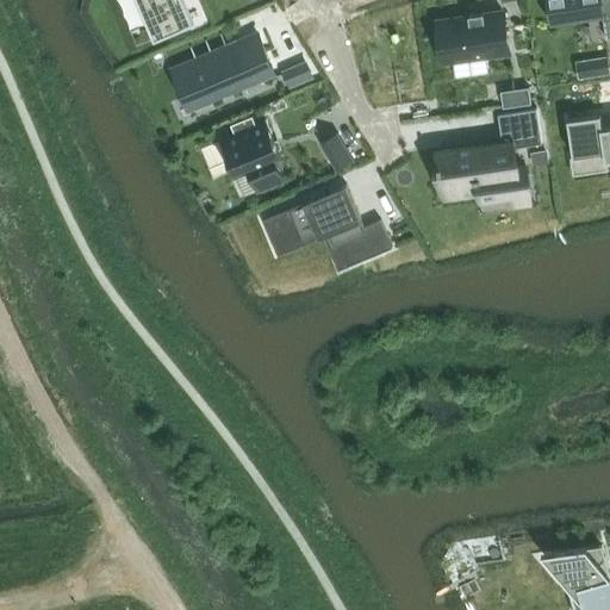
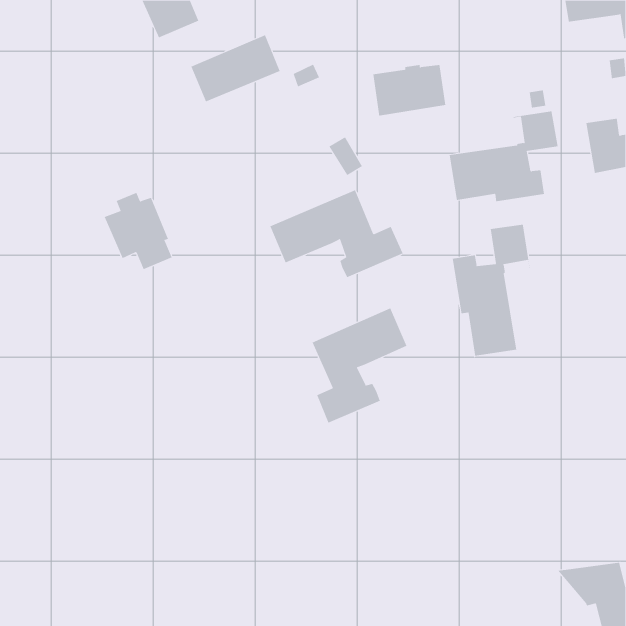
building: [435,13,506,63] -> [373,64,446,116]
building: [218,118,285,193] -> [104,192,173,270]
building: none -> [452,224,530,357]
building: none -> [312,308,407,424]

